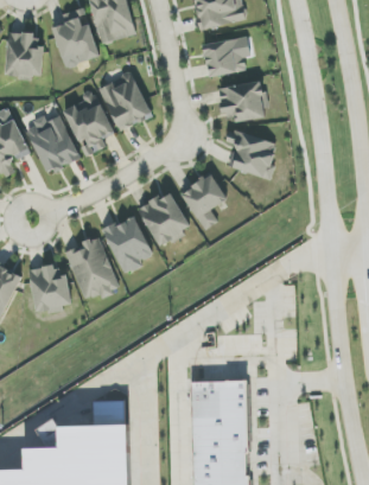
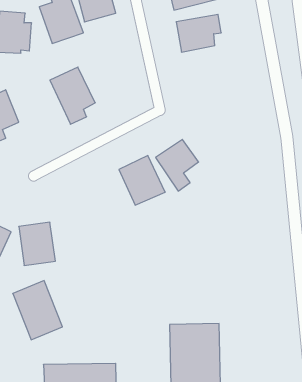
building: [98,72,151,130] -> none
building: [218,82,263,121] -> none
building: [25,114,78,173] -> none
building: [225,128,278,179] -> none
building: [102,216,152,274] -> none
building: [64,237,119,302] -> [13,281,62,340]

